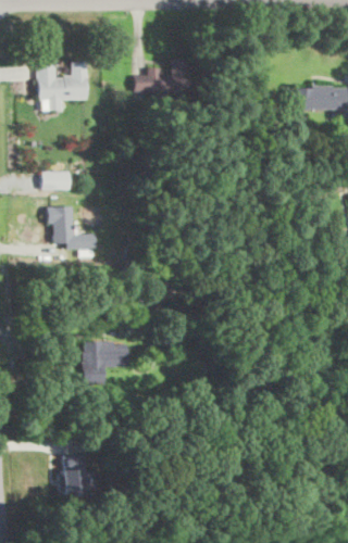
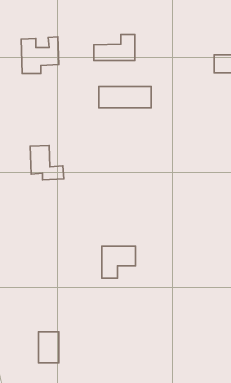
building: none -> [99,87,151,108]
building: [42,172,71,190] -> none
building: [84,342,128,384] -> [102,246,135,278]

